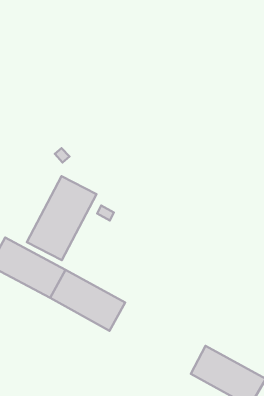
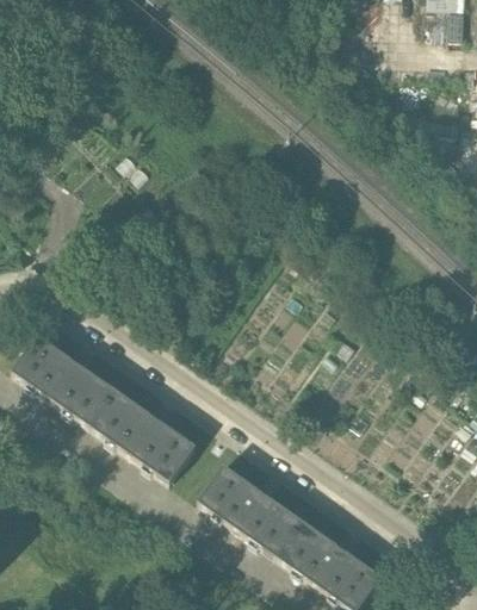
building: [27,176,97,260] -> none
building: none -> [198,465,303,556]

